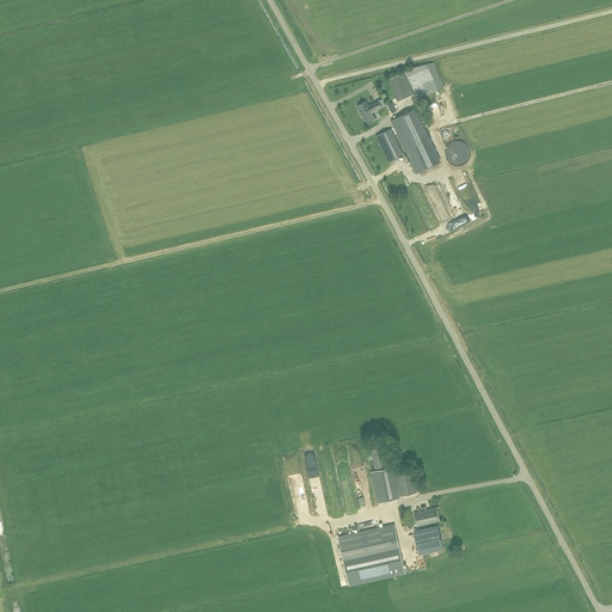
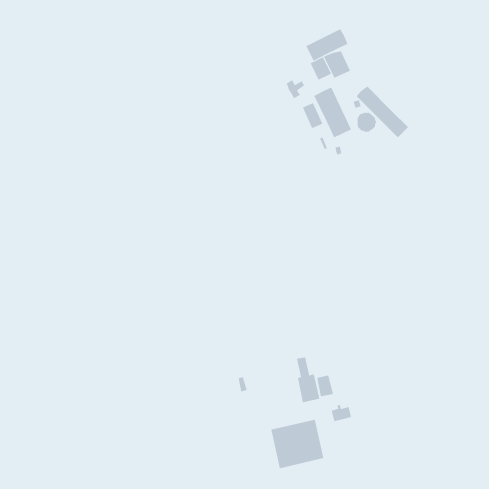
building: none -> [306,28,348,61]
building: none -> [356,86,409,138]
building: [414,525,443,555] -> none

